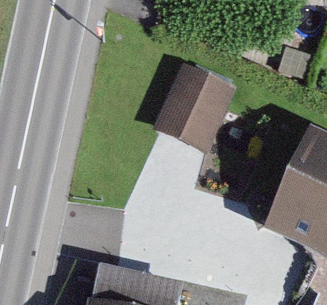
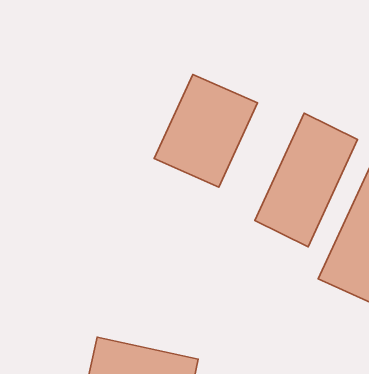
building: none -> [255,113,358,247]

